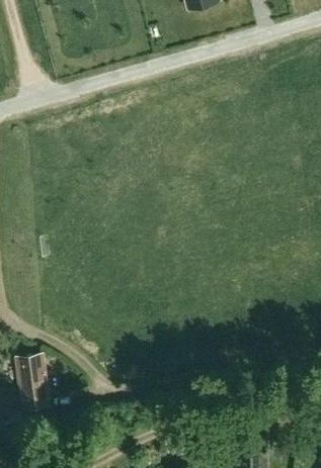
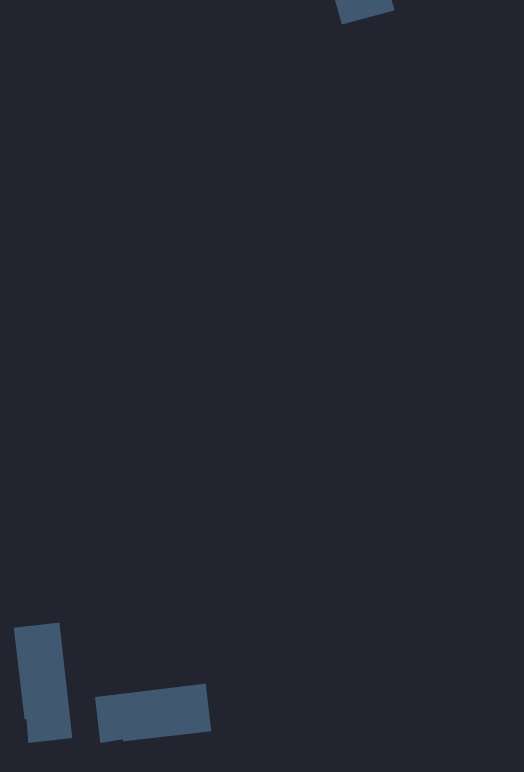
building: none -> [94,683,212,744]

